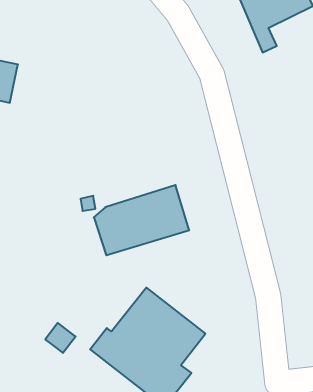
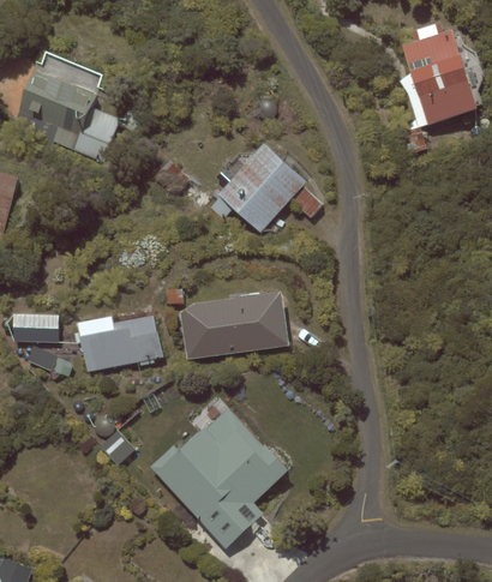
building: none -> [220,144,306,232]
building: none -> [78,314,163,372]

